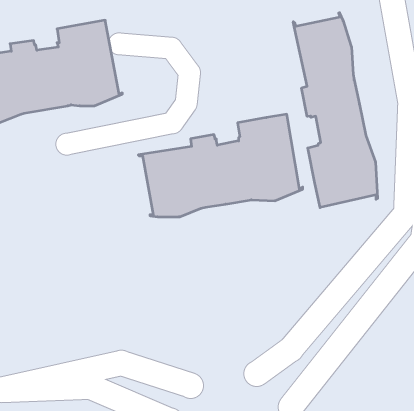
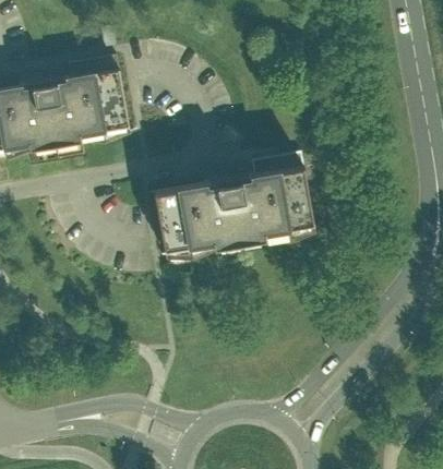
building: [293,13,378,208] -> none

